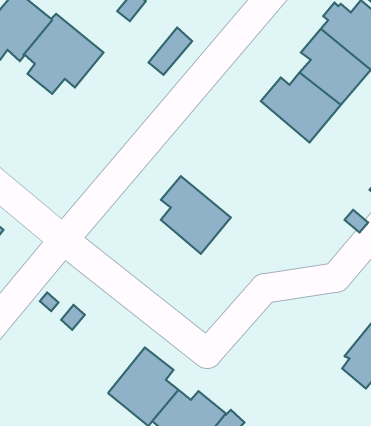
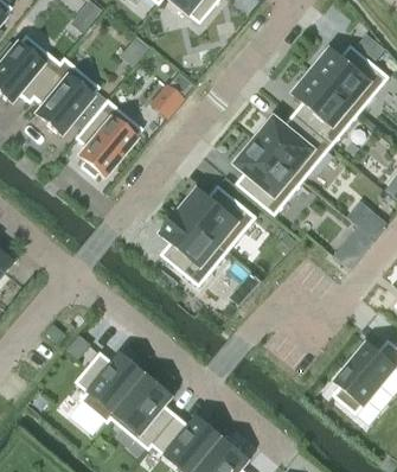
building: none -> [73,98,140,176]
building: none -> [235,140,302,213]
building: none -> [180,184,256,250]
building: none -> [76,351,146,421]

